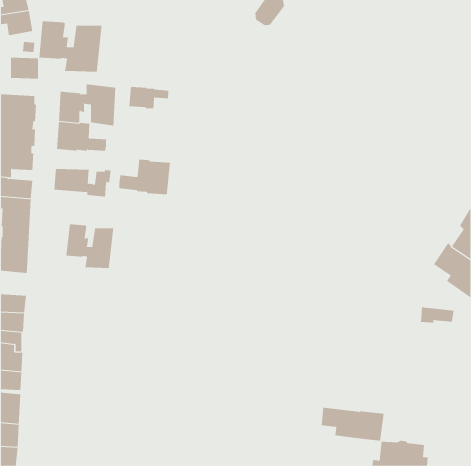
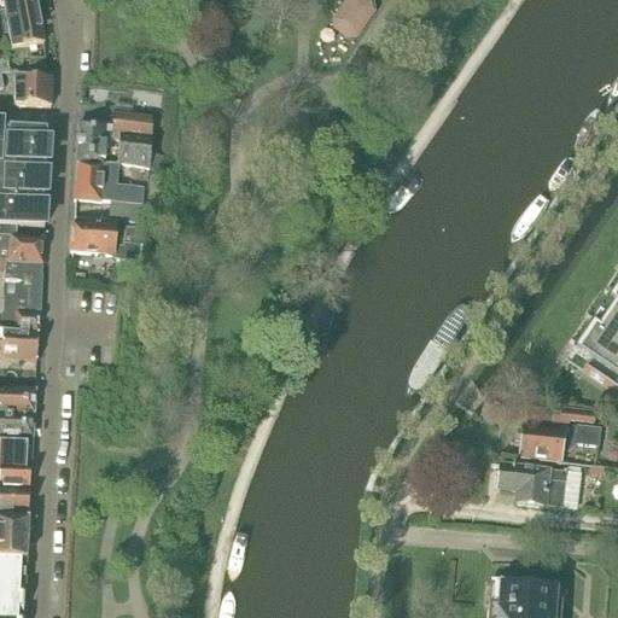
building: [39,20,102,72] -> none
building: [129,86,169,109] -> none
building: [119,159,170,195] -> none
building: [66,224,114,269] -> none
building: none -> [518,424,599,460]
building: [321,407,384,441] -> [497,462,581,507]

